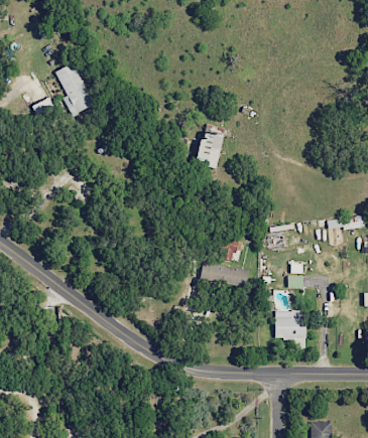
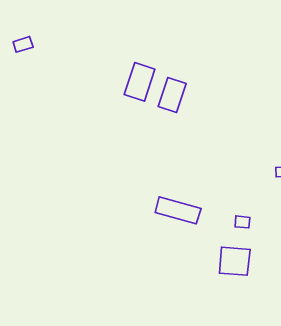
building: [54,62,94,116] -> none
building: none -> [124,63,155,101]

